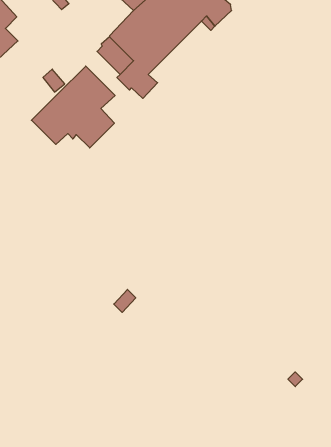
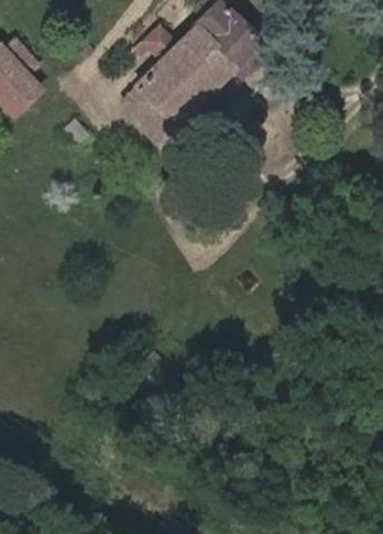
building: [31,66,115,148] -> none

